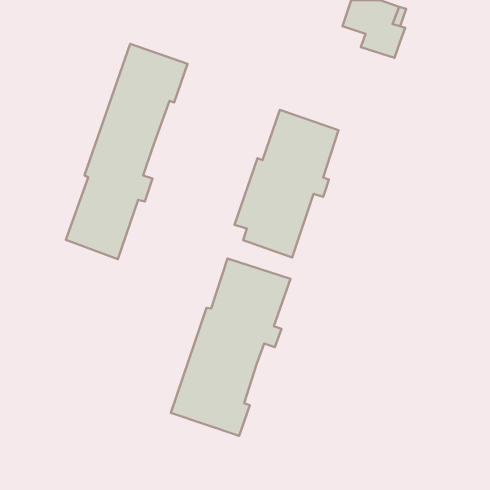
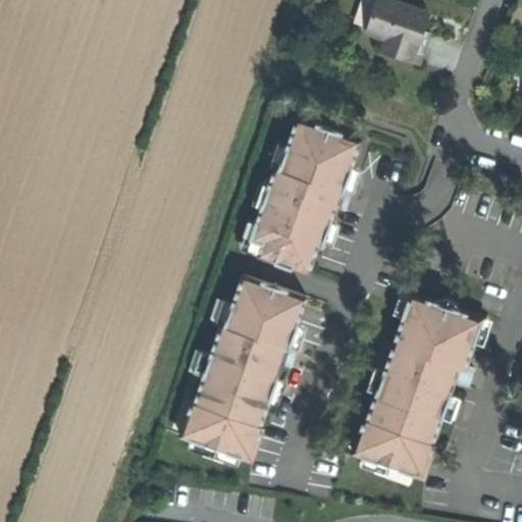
building: [66,44,188,259] -> none
building: none -> [356,294,481,477]

